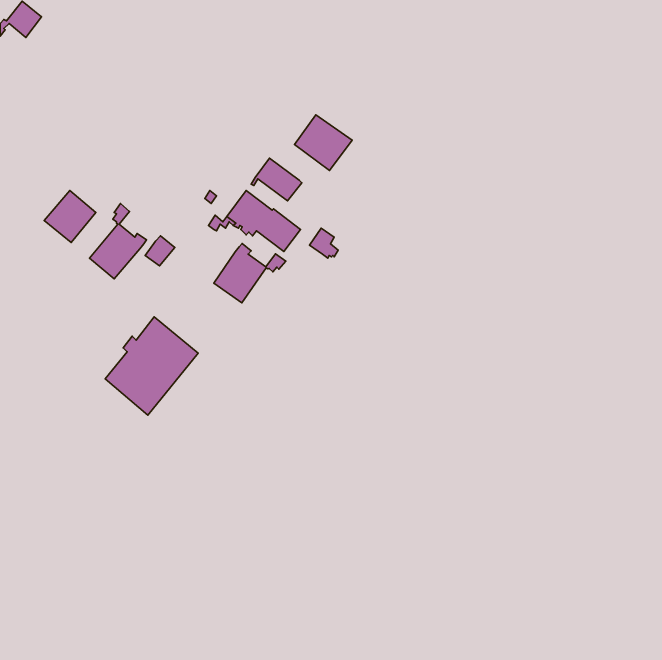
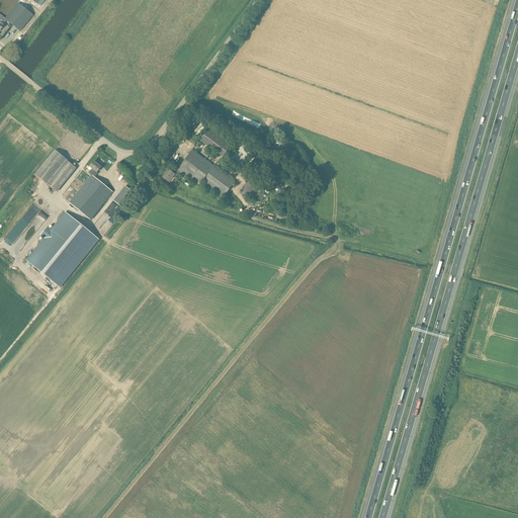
building: [295,115,352,170] -> none
building: [214,243,286,303] -> none
building: [105,317,198,415] -> [26,209,99,286]

